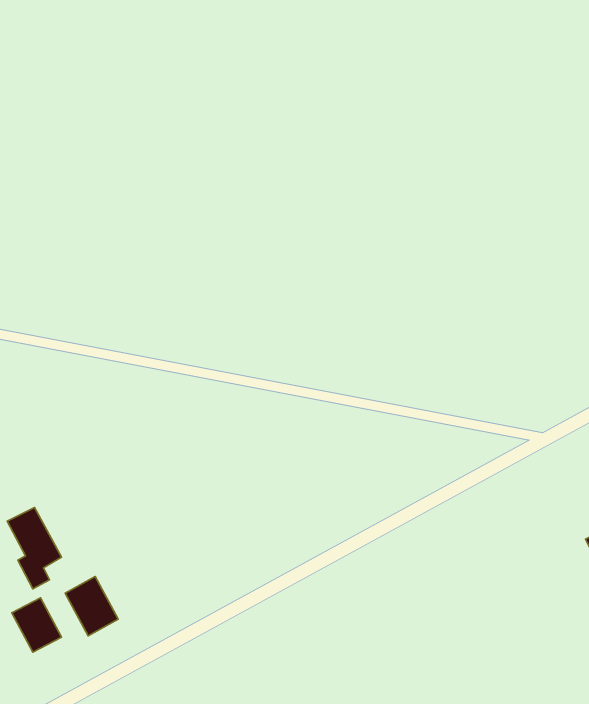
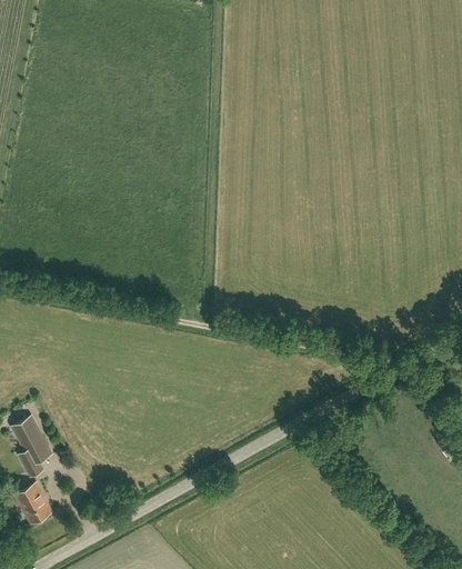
building: [65,577,118,636] -> none

